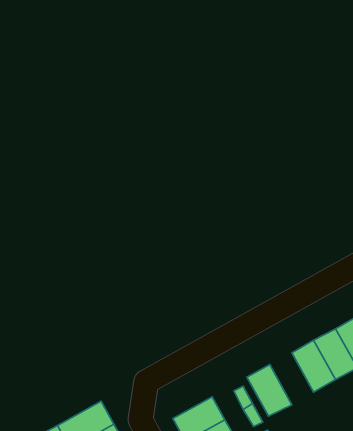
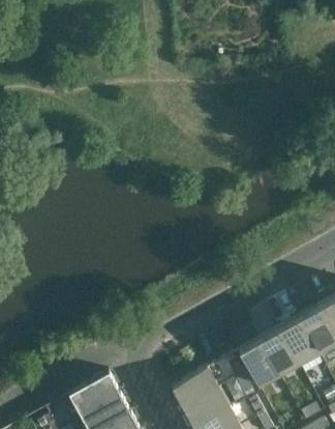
building: none -> [258,327,298,374]

